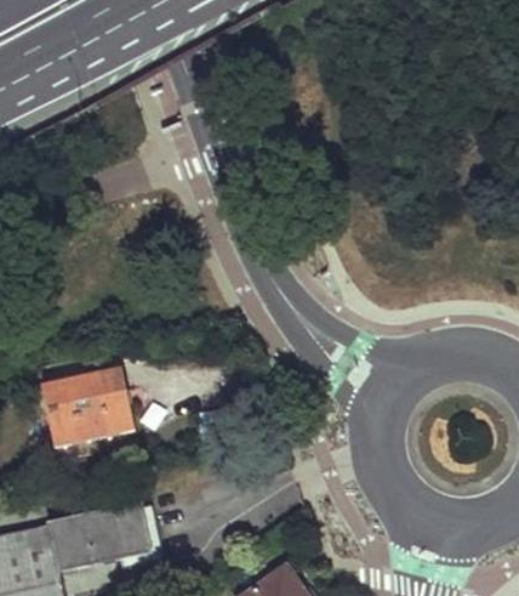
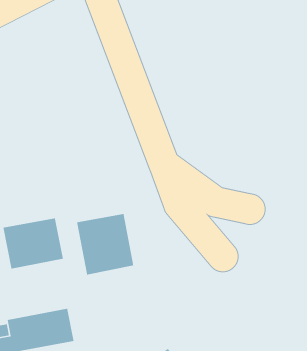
building: none -> [76,213,134,275]

